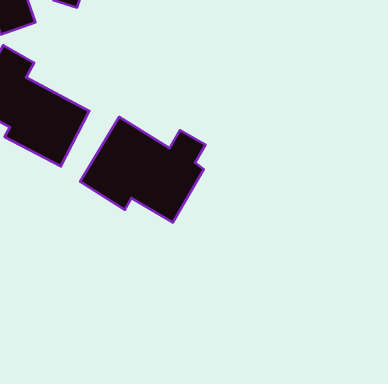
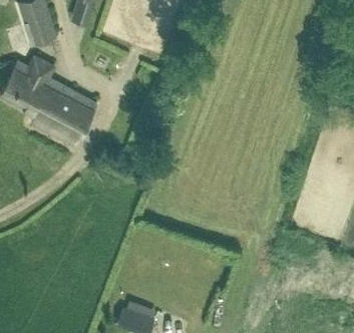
building: [80,117,205,222] -> none

